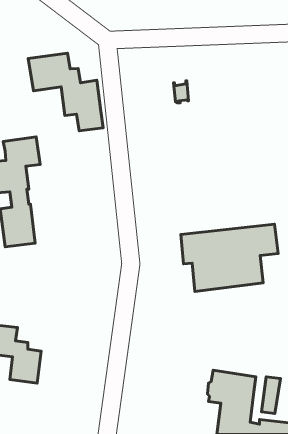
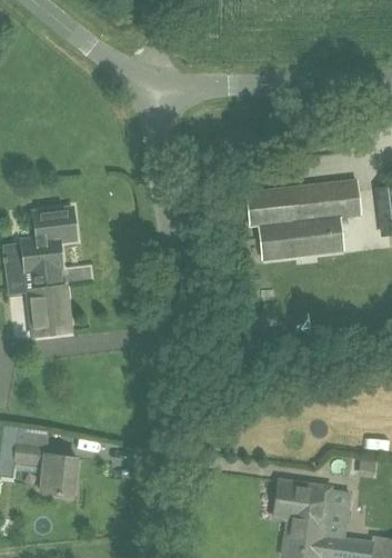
building: [28,53,103,131] -> none
building: [181,224,278,291] -> [245,181,360,260]

